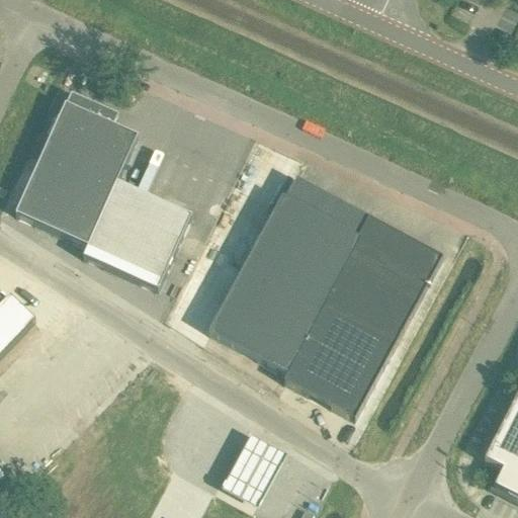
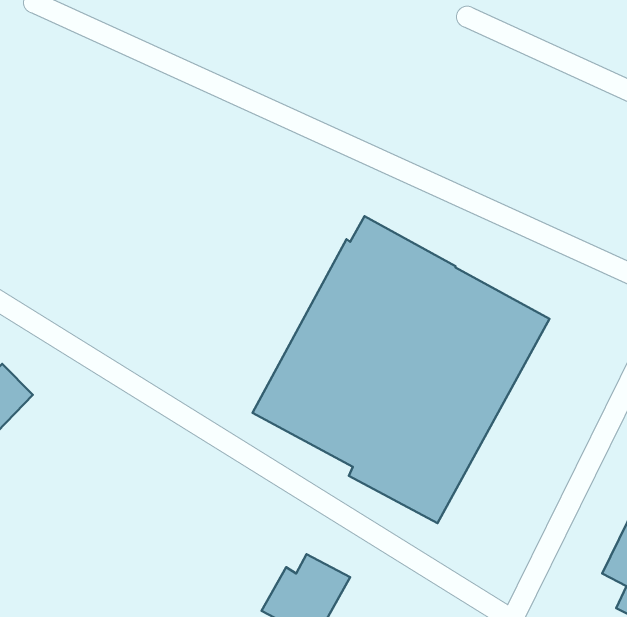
building: [14,90,191,287] -> none

